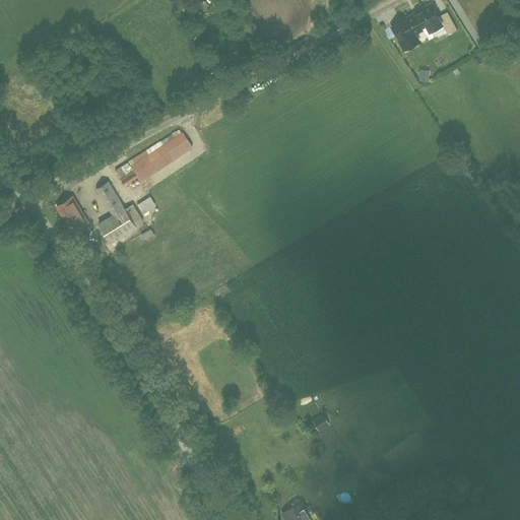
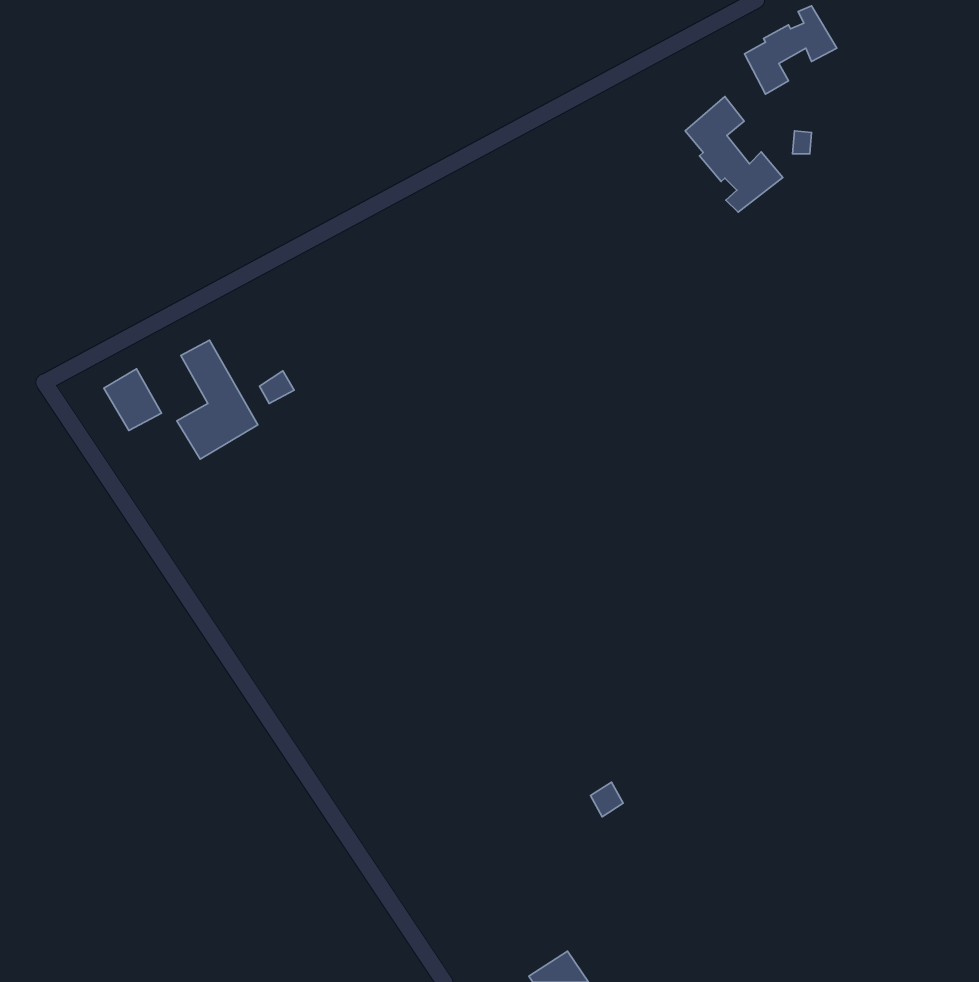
building: none -> [685,96,783,212]
building: [120,131,193,186] -> none

